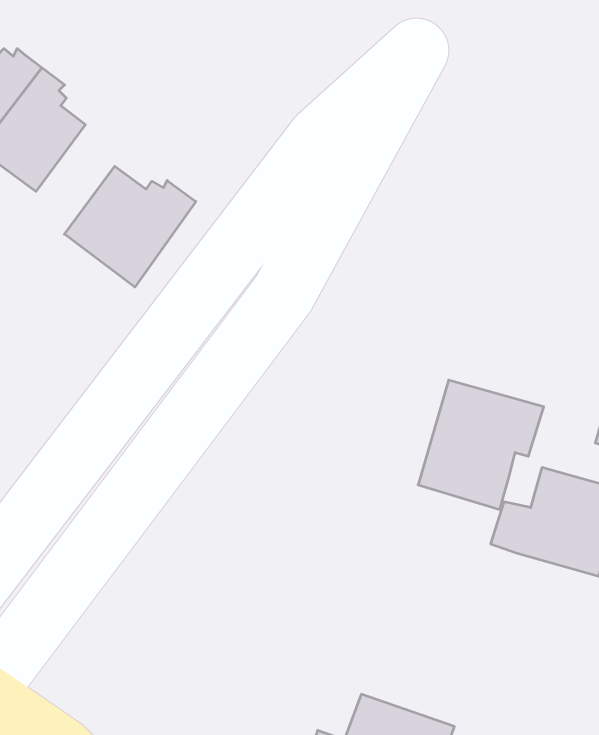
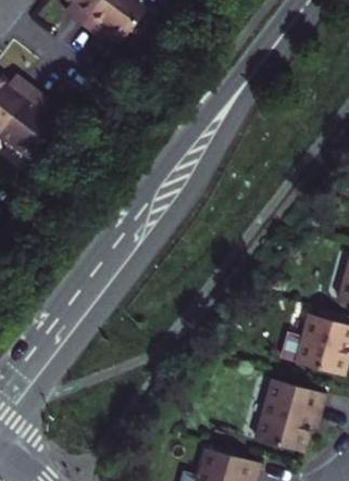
building: [64,166,196,287] -> none
building: [418,380,544,510] -> [260,380,332,454]

